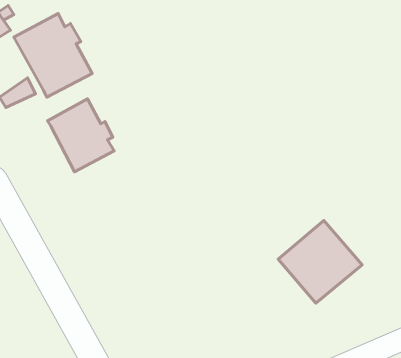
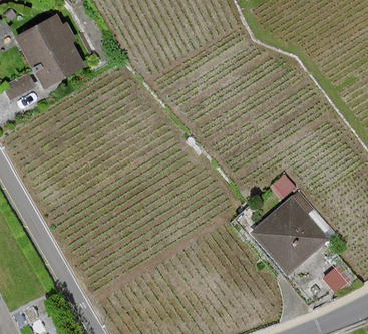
building: [47,99,114,172] -> none

